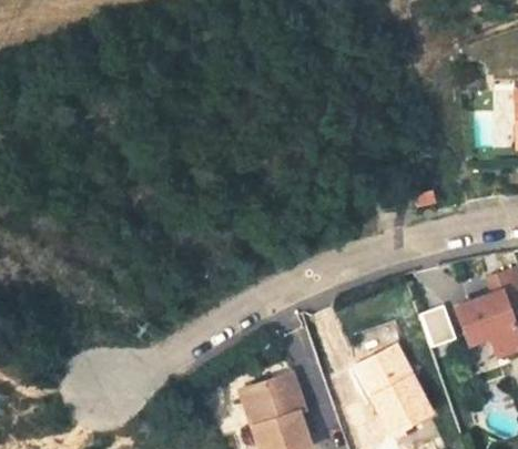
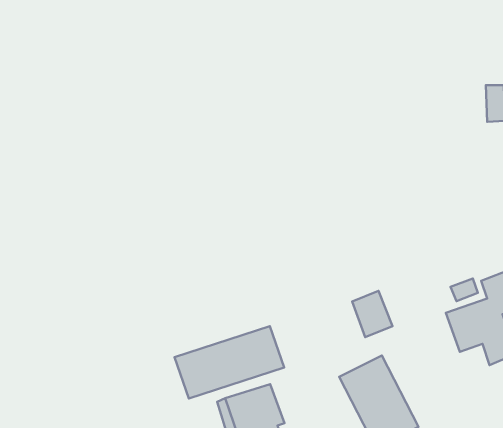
building: [419,304,457,347] -> [352,291,393,337]
building: none -> [174,326,284,398]

